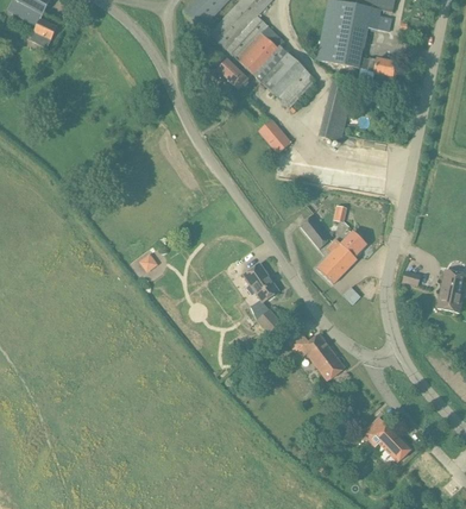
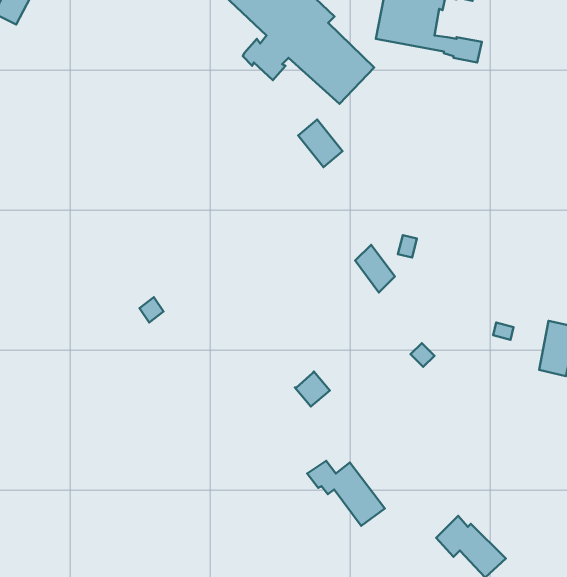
building: [317,80,355,143] -> none
building: [319,230,369,282] -> none
building: [243,263,279,302] -> none
building: [286,332,345,381] -> [307,461,385,526]

